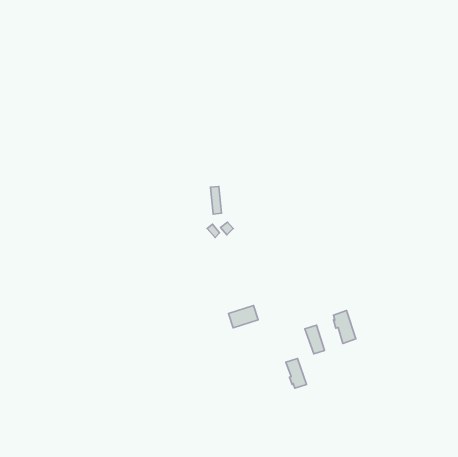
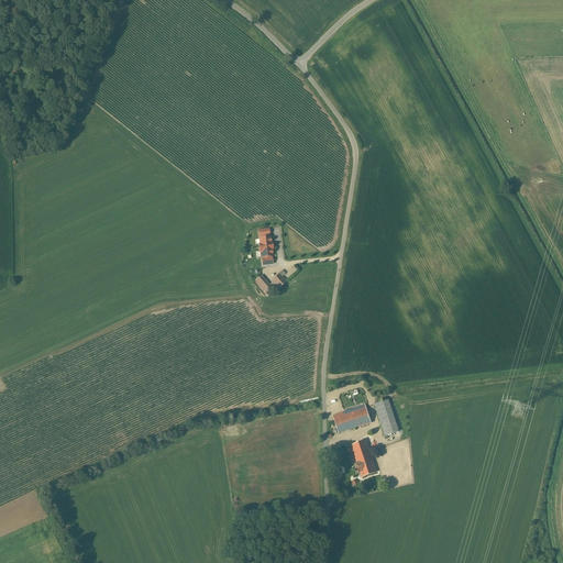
building: [229,305,258,328] -> [333,405,369,432]
building: [334,310,356,344] -> none

